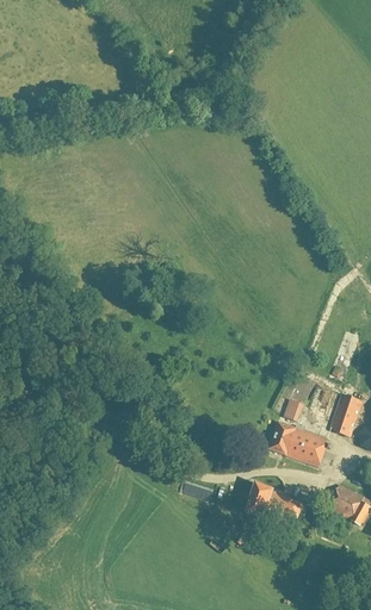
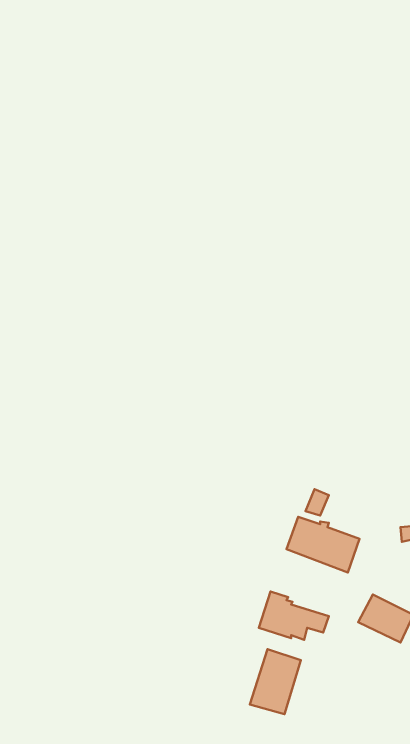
building: [328,393,361,437] -> none
building: none -> [250,649,301,714]

